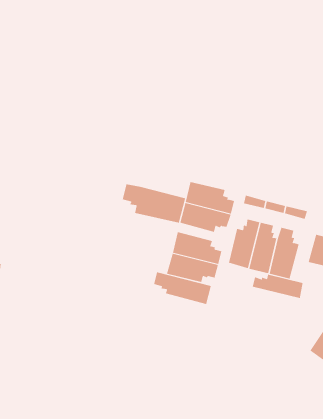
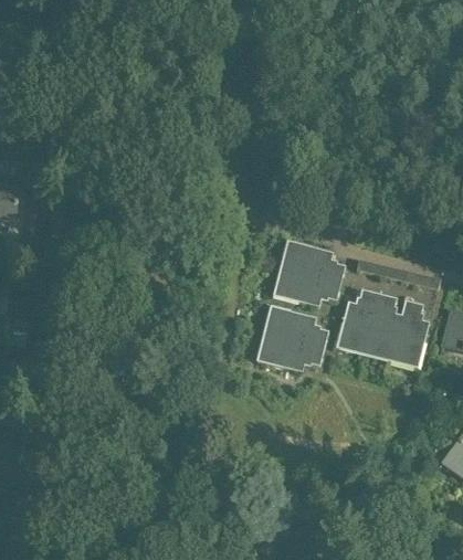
building: [122,183,186,224] -> none
building: [153,272,212,305] -> none
building: [252,274,303,299] -> none

